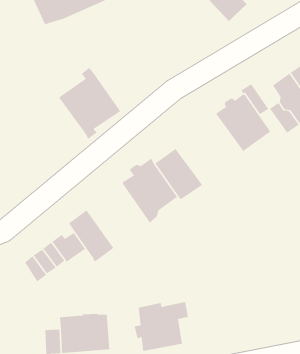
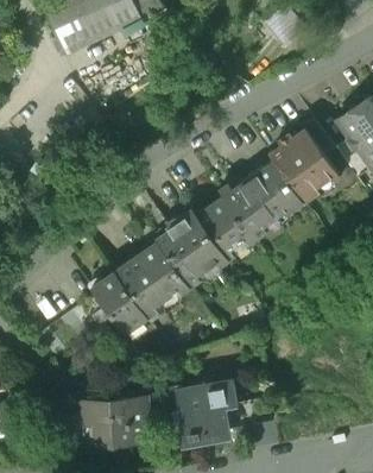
building: [58,67,121,139] -> [114,234,190,322]
building: none -> [222,159,303,240]

